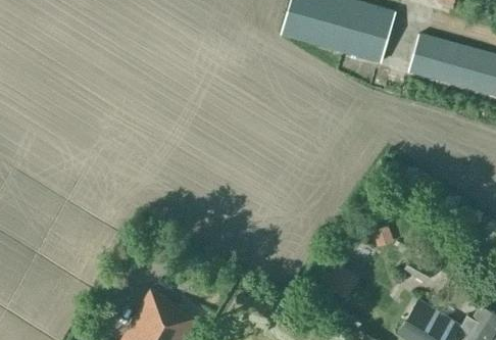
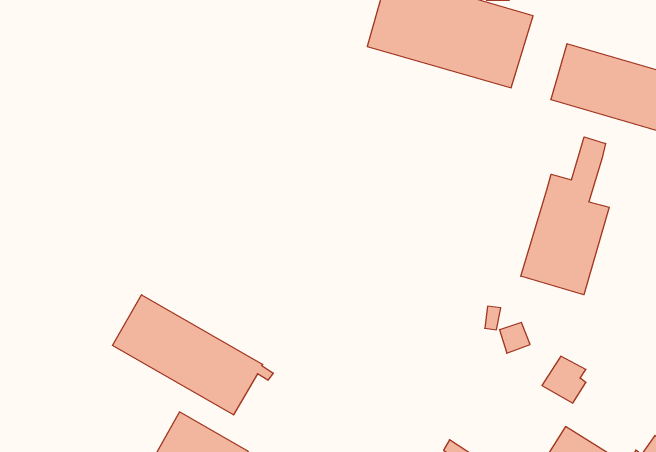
building: none -> [521,137,609,295]
building: none -> [112,295,273,415]

